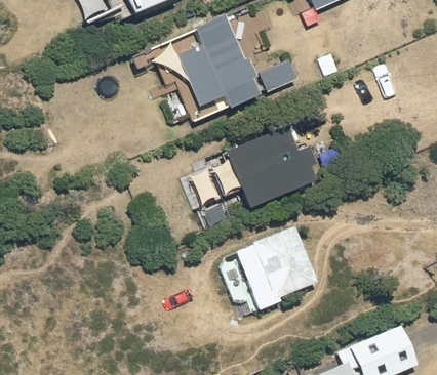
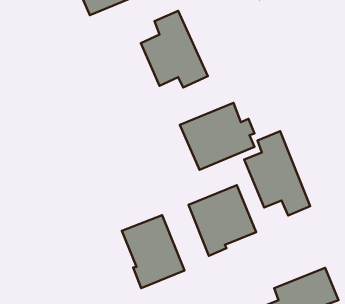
building: none -> [244,131,310,215]
building: none -> [122,215,184,288]

